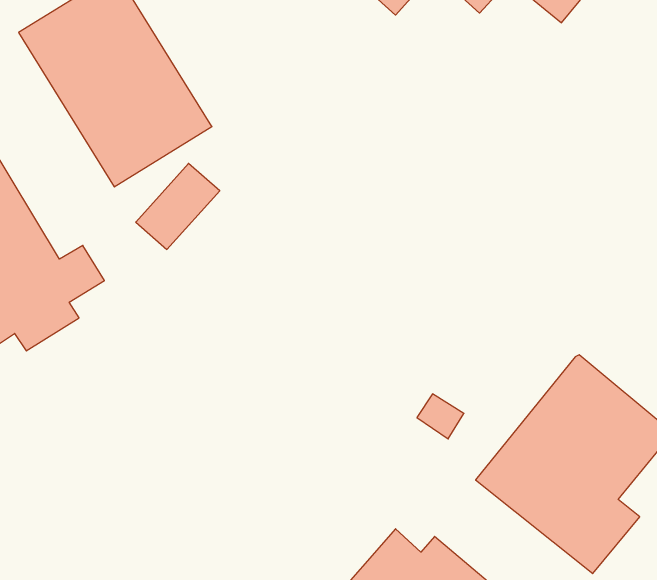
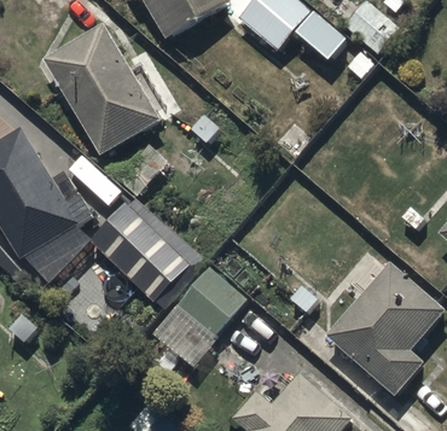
building: none -> [88,200,191,302]
building: none -> [153,266,246,366]

